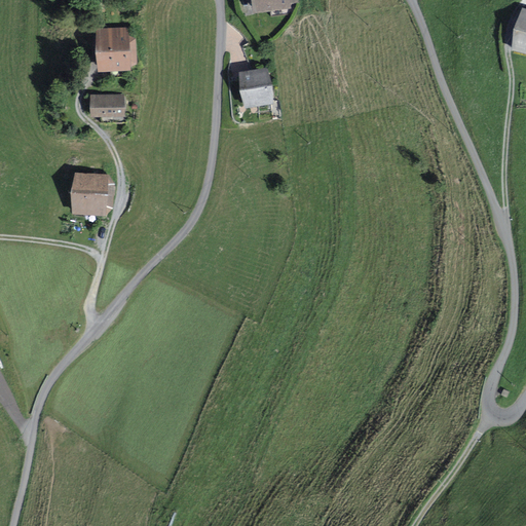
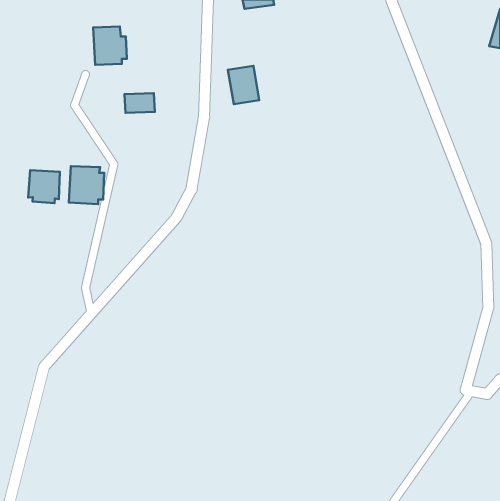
building: [90,95,122,115] -> [125,93,155,113]
building: none -> [28,170,60,203]

